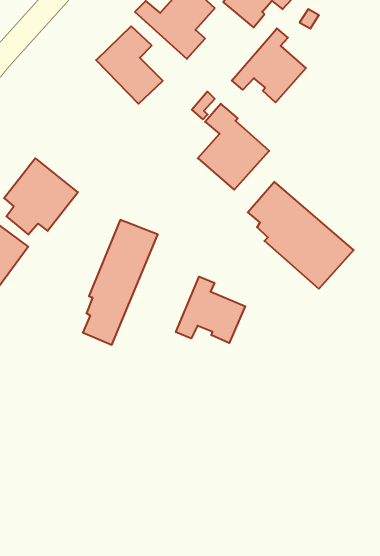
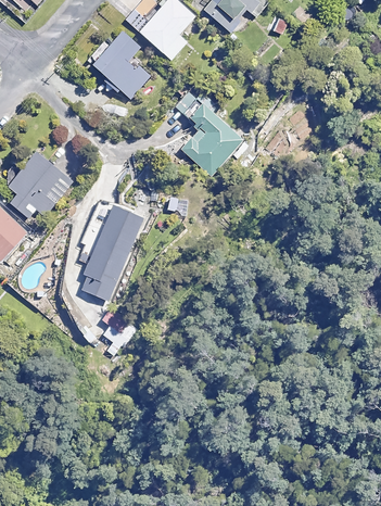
building: [232,28,306,102] -> none
building: [248,182,354,289] -> none
building: [176,277,245,343] -> none

